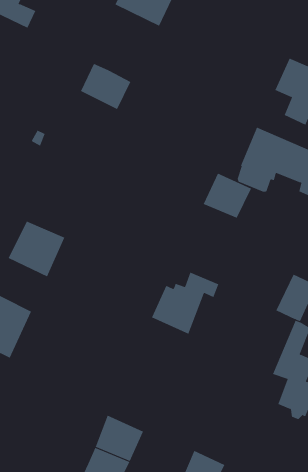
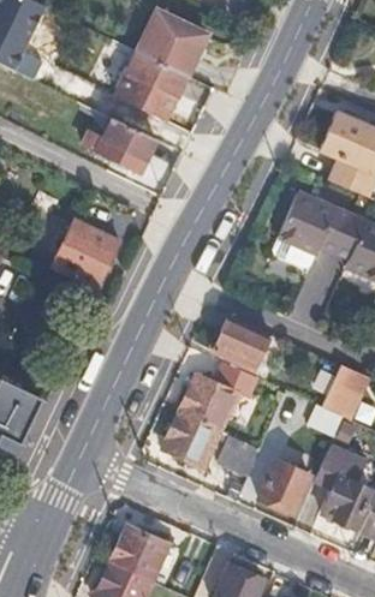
building: none -> [96,52,186,127]
building: [203,173,252,219] -> [212,311,268,364]
building: [8,221,65,277] -> [49,225,115,289]
building: none -> [161,412,261,476]
building: none -> [260,460,309,513]

